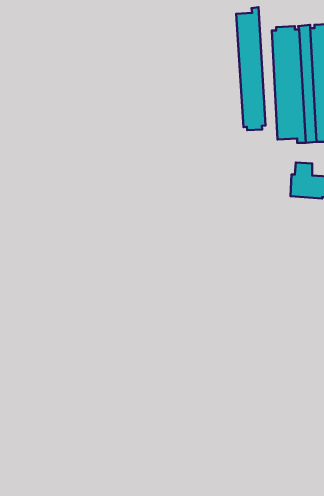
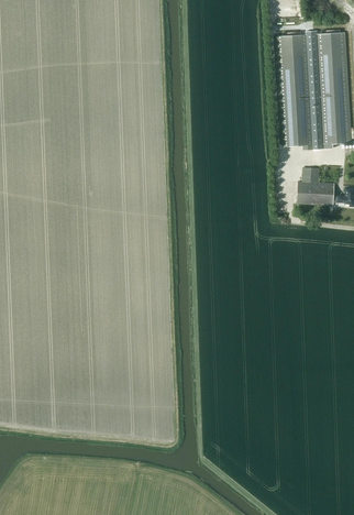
building: [236,7,265,130] -> none

